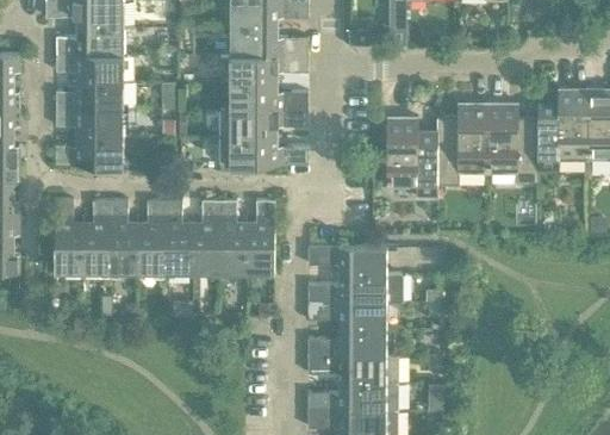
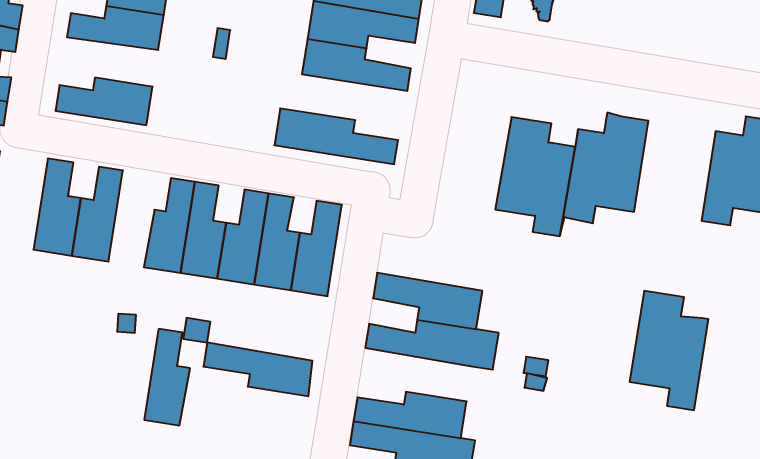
building: [486,104,536,185] -> [630,291,708,410]
building: [54,108,122,136] -> none
building: [217,110,307,137] -> none
building: [110,200,137,268] -> [144,329,190,425]
building: [306,302,386,329] -> [203,343,312,396]

